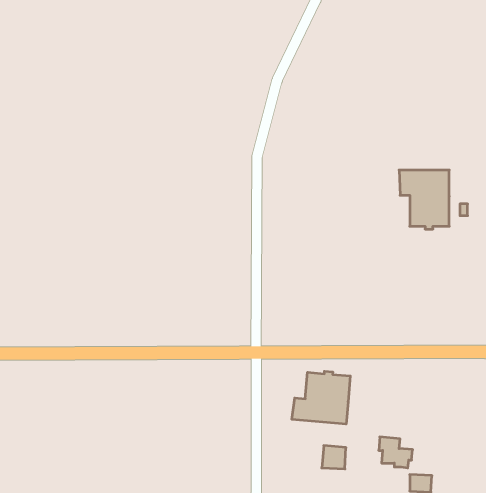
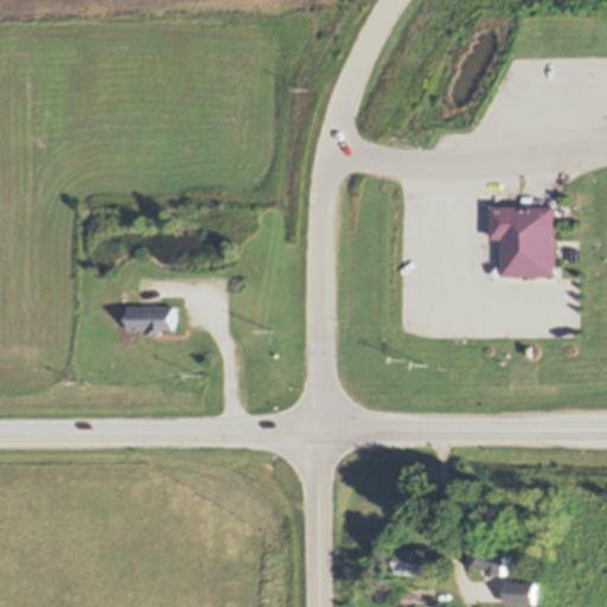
building: none -> [123,304,170,333]
building: [292,371,350,424] -> none

